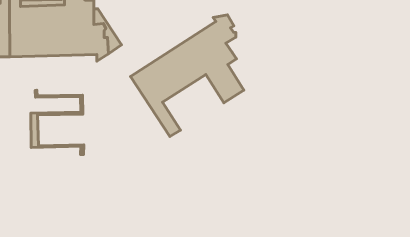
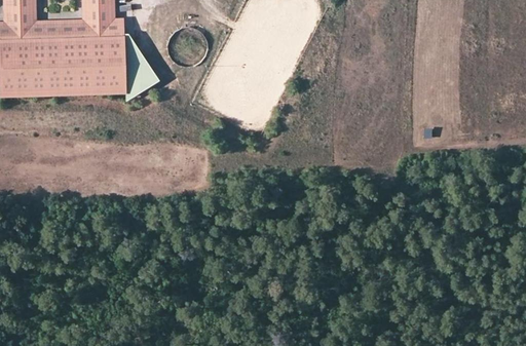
building: [130,15,244,137] -> none
building: [31,90,84,155] -> none

